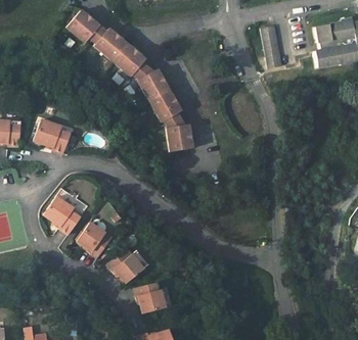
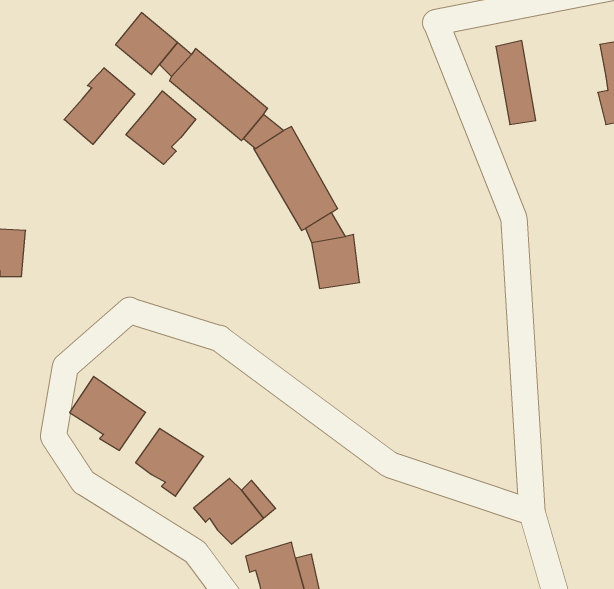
building: none -> [64,68,135,144]
building: none -> [126,91,196,164]
building: [34,119,71,152] -> none

